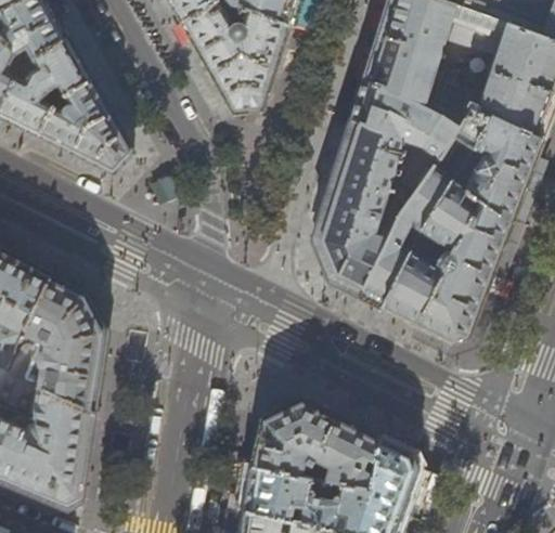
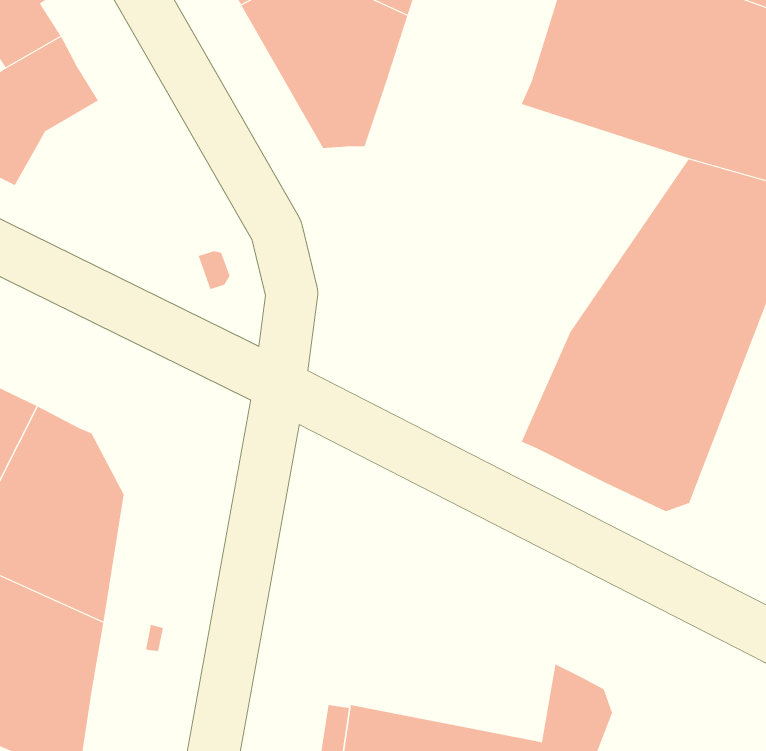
building: [38,83,132,176] -> none
building: [311,86,465,300] -> none
building: [250,402,380,491] -> none

